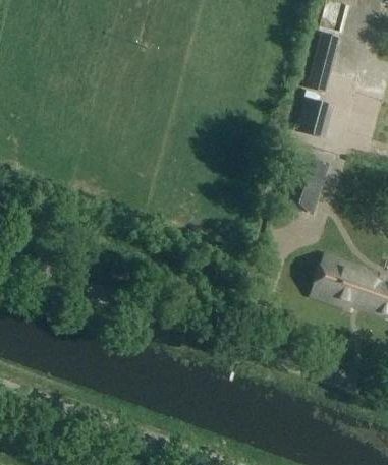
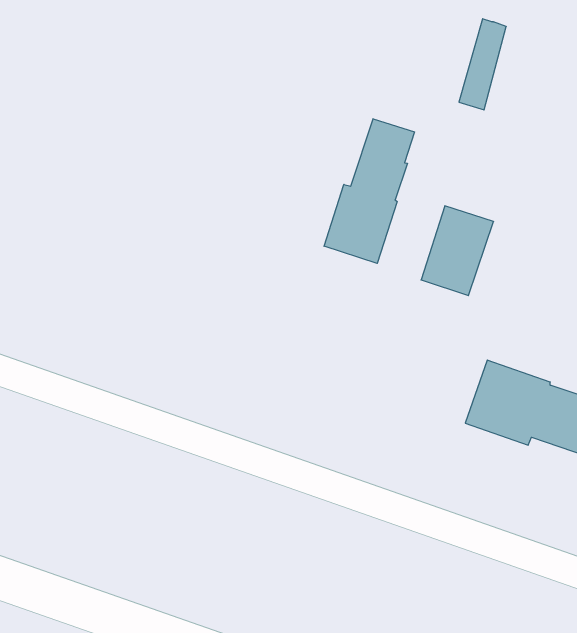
building: none -> [324,119,415,263]
building: [297,99,330,137] -> none

